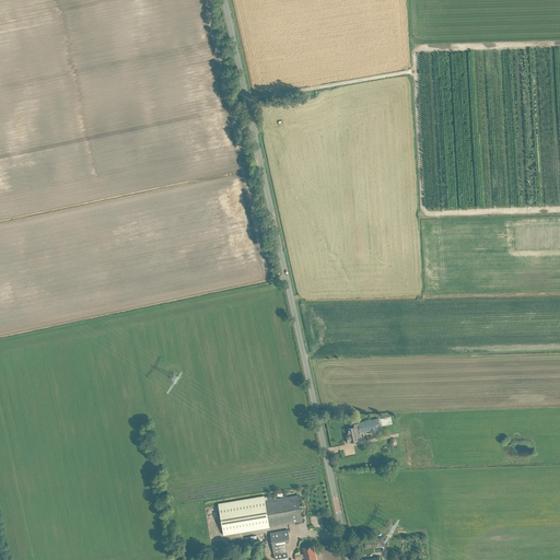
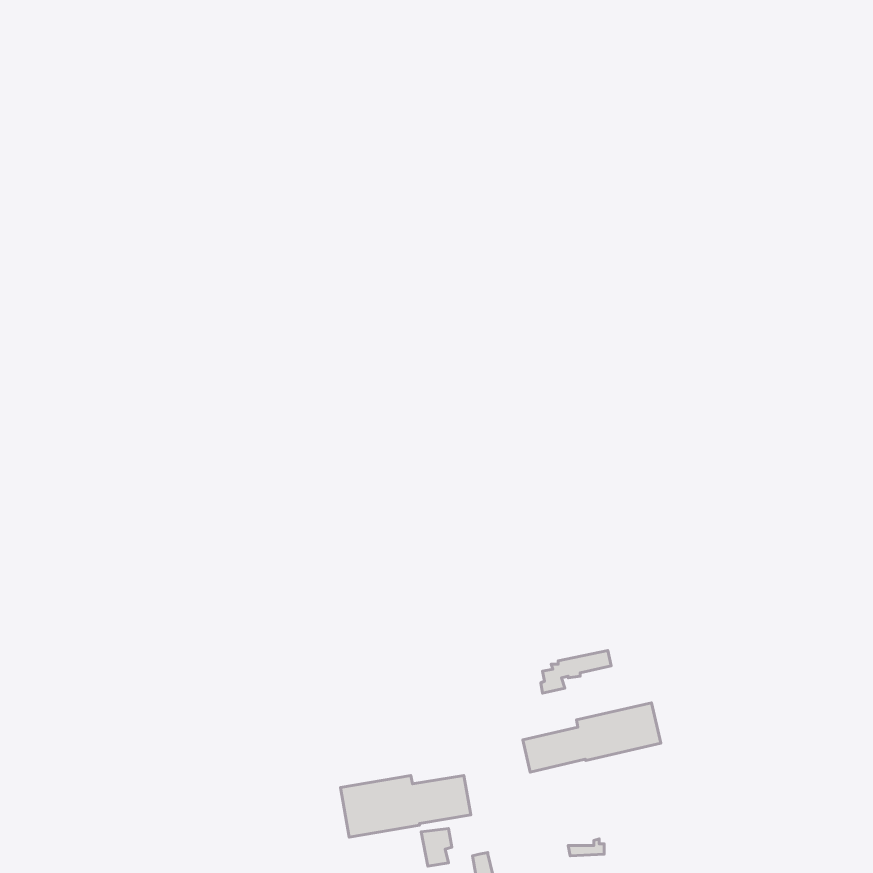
building: none -> [523,703,661,772]

